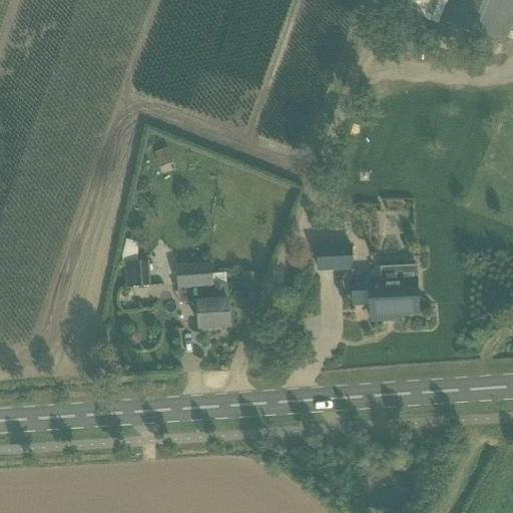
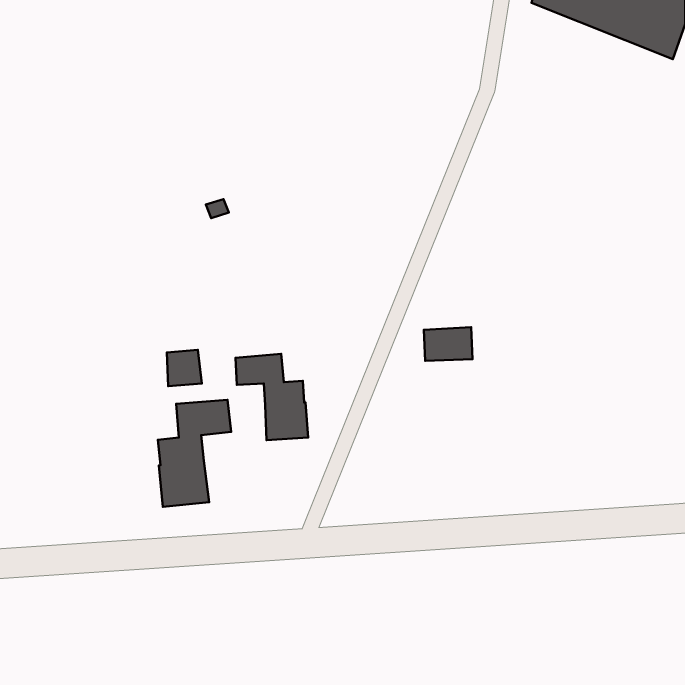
building: [351,265,418,320] -> none
building: none -> [158,400,231,507]

